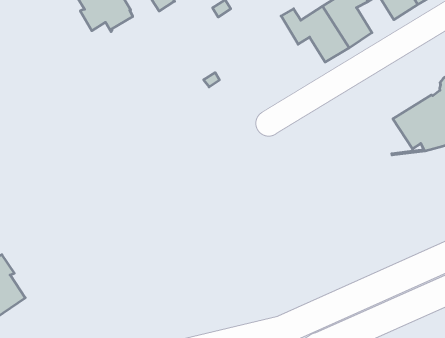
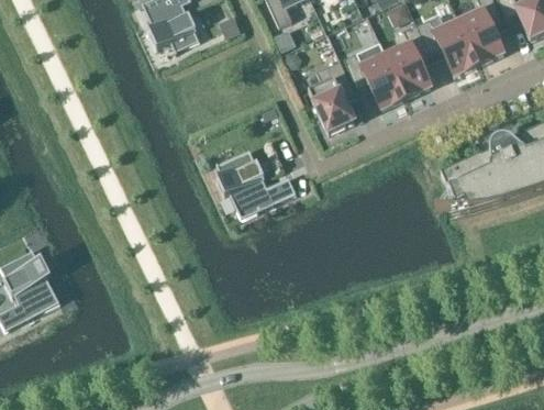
building: none -> [308,58,355,132]
building: none -> [217,147,296,217]

